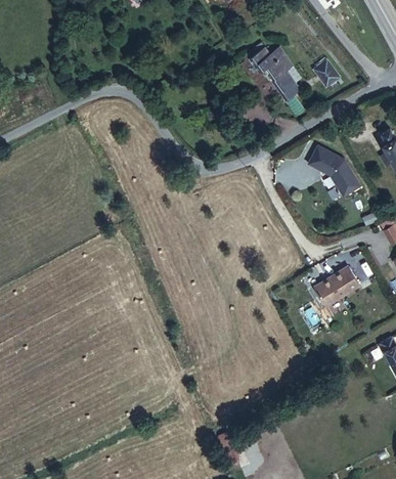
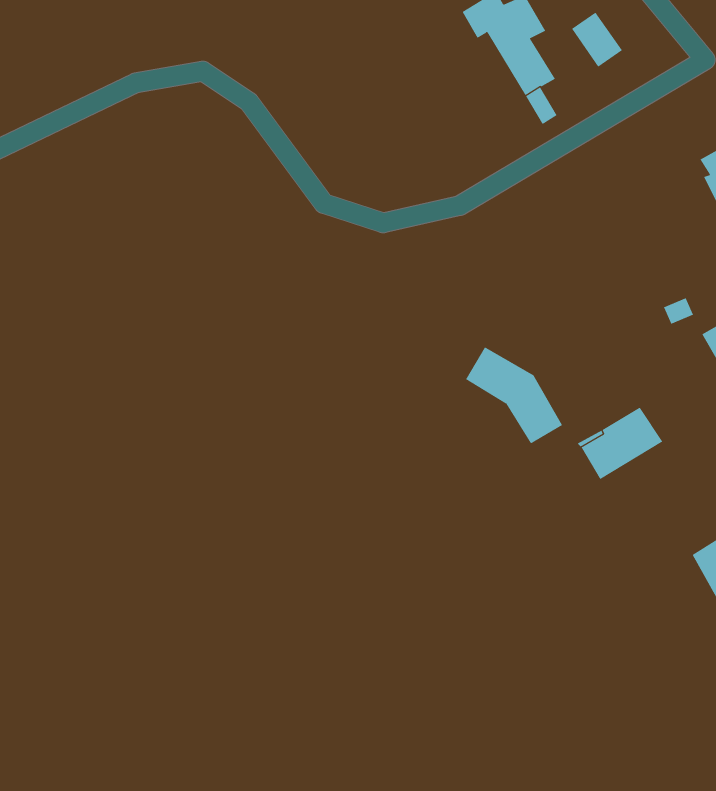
building: [308,145,360,198] -> [465,346,563,444]

